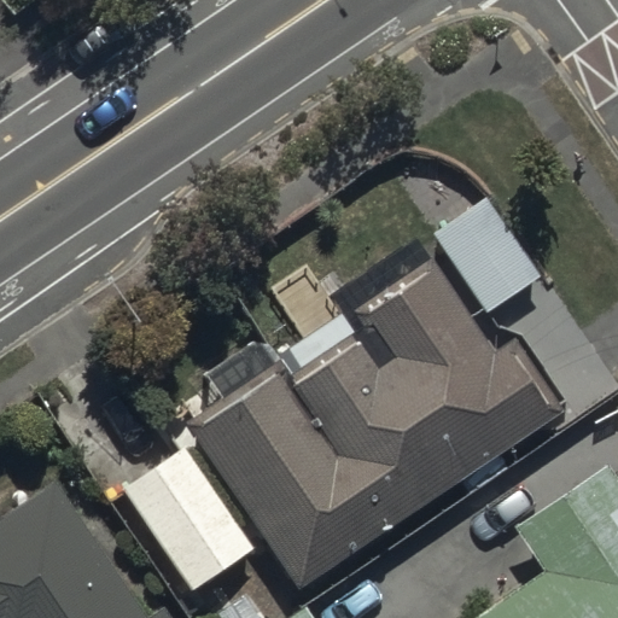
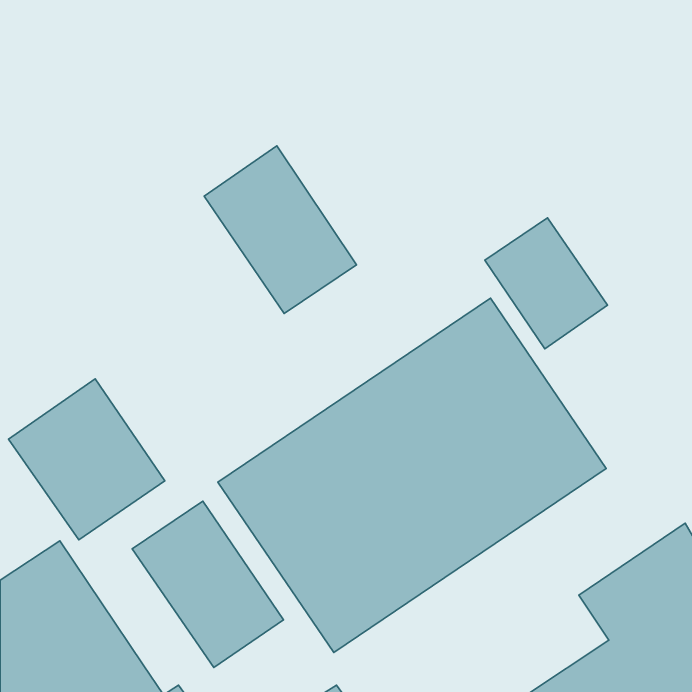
building: none -> [204,146,357,314]
building: none -> [9,379,165,540]

